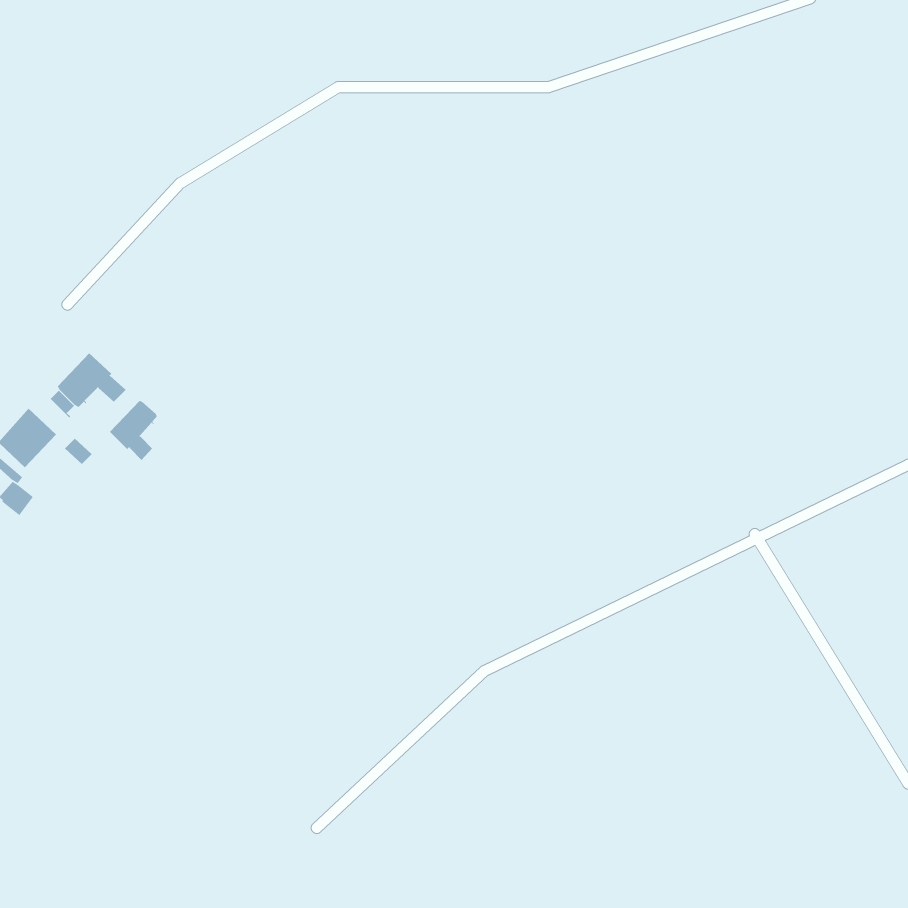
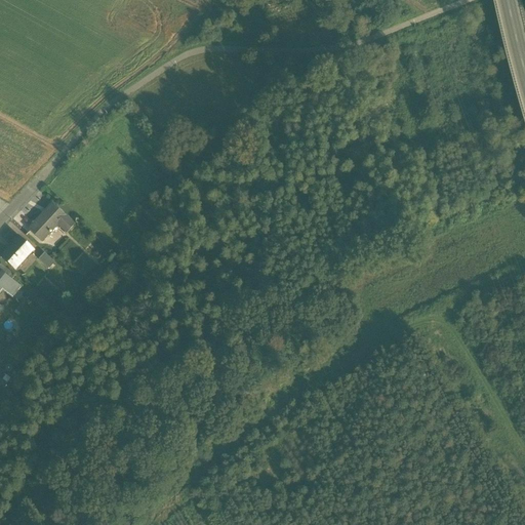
building: [109,400,158,461] -> none

